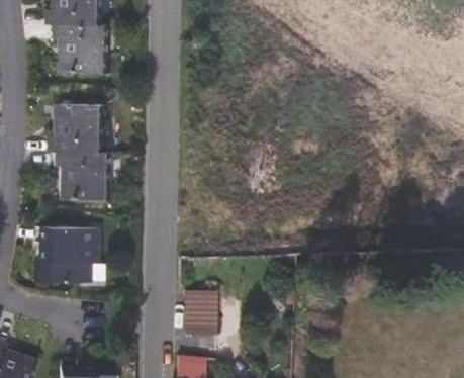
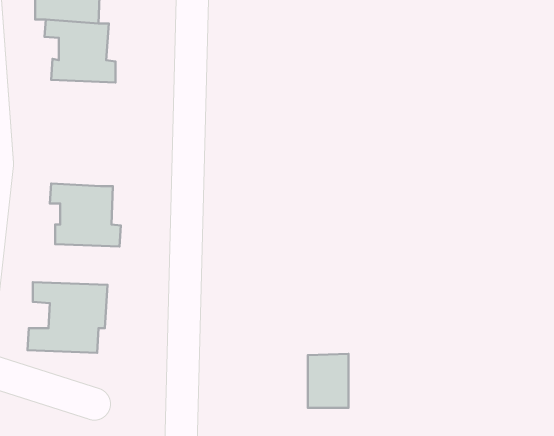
building: [48,104,104,154] -> none
building: [187,292,218,334] -> [308,354,349,408]

